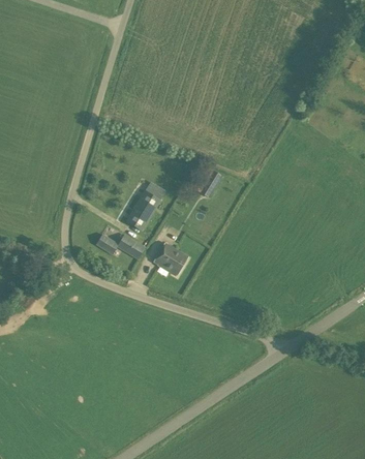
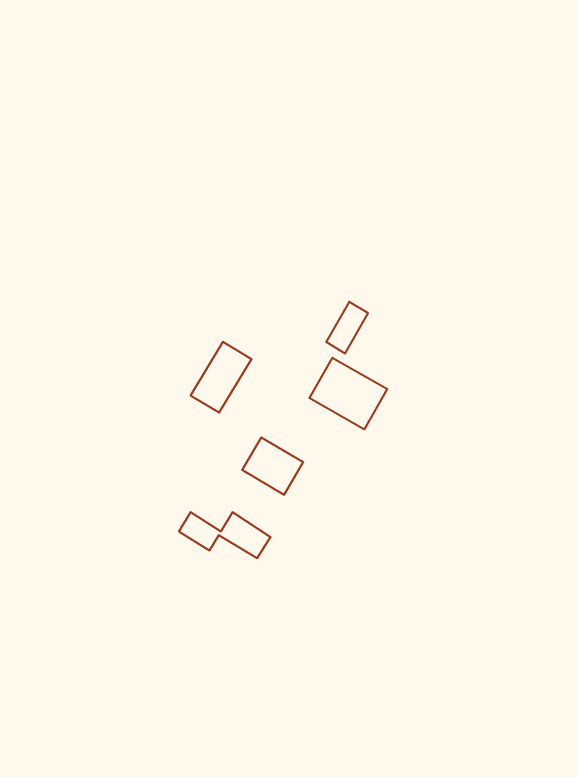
building: none -> [309,358,387,429]
building: [94,233,144,257] -> [179,512,271,558]

